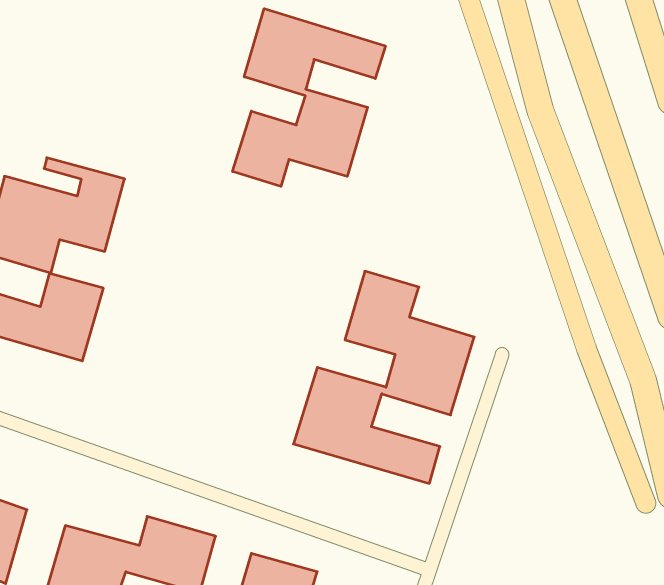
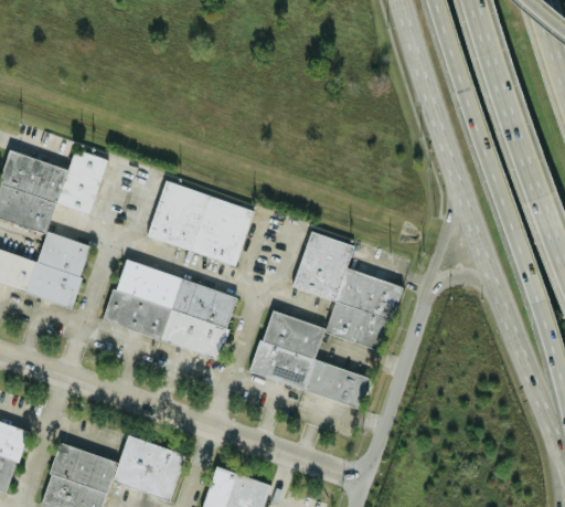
building: [233,9,385,186] -> none
building: none -> [147,181,254,265]
building: none -> [104,261,238,359]

